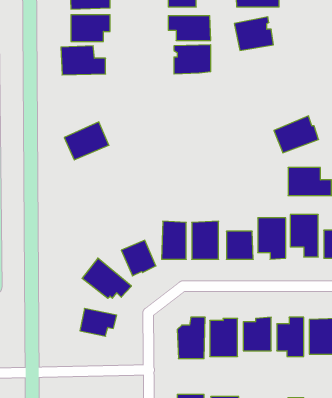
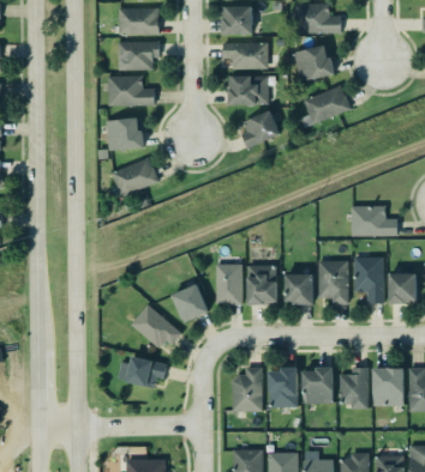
building: none -> [240,109,281,149]
building: none -> [106,117,144,151]
building: [274,116,319,153] -> [303,84,351,123]

